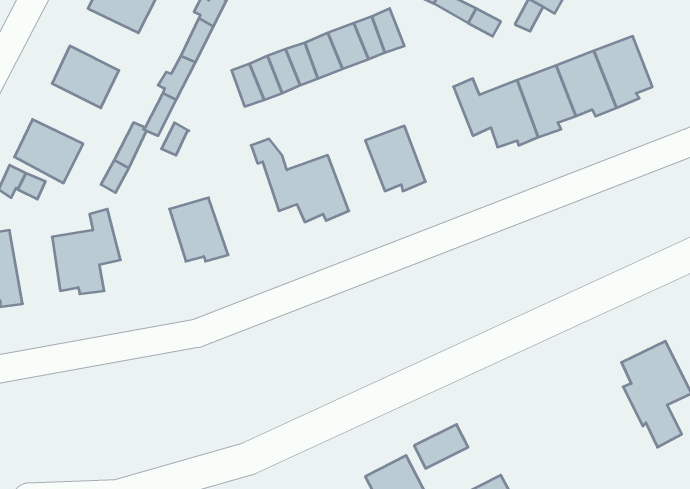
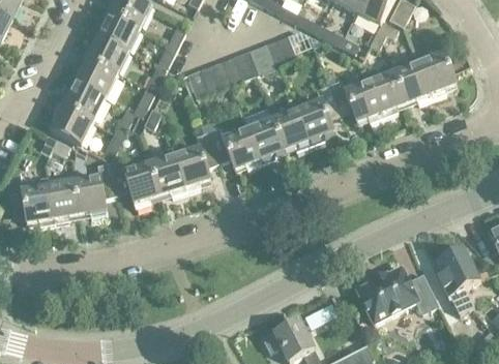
building: none -> [86,35,129,74]
building: none -> [62,83,106,121]
building: none -> [298,85,342,145]
building: none -> [250,119,286,163]
building: none -> [174,132,218,191]
building: none -> [110,159,159,207]
building: none -> [48,176,80,222]
building: none -> [357,268,439,324]

